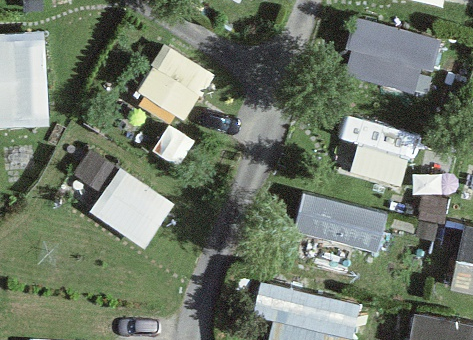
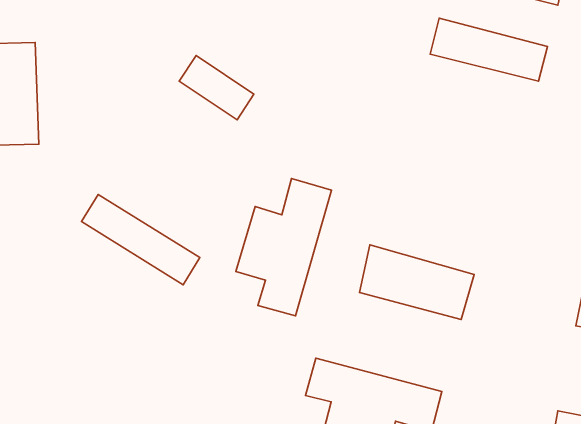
building: [348,122,420,186] -> none
building: none -> [236,179,331,316]

